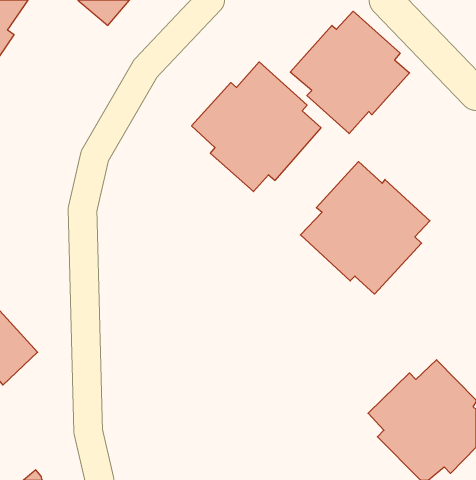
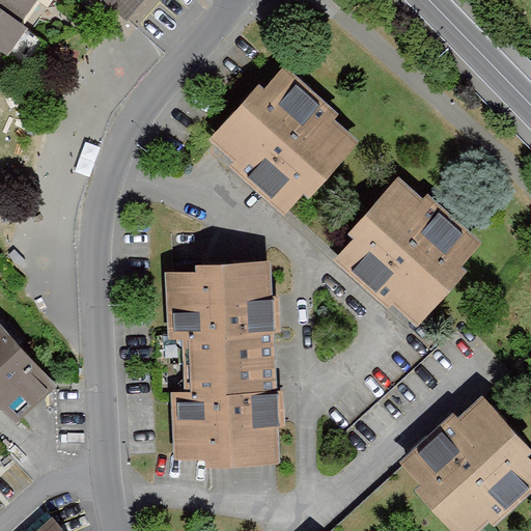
building: [290,11,410,134] -> none
building: none -> [169,258,277,460]

